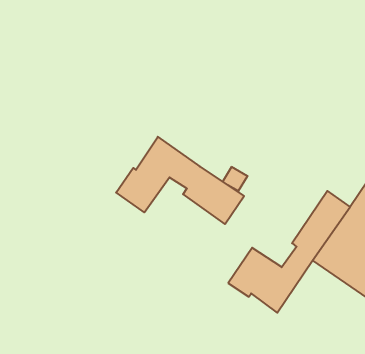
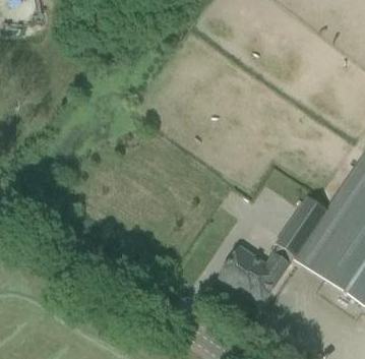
building: [116,137,244,224] -> none

